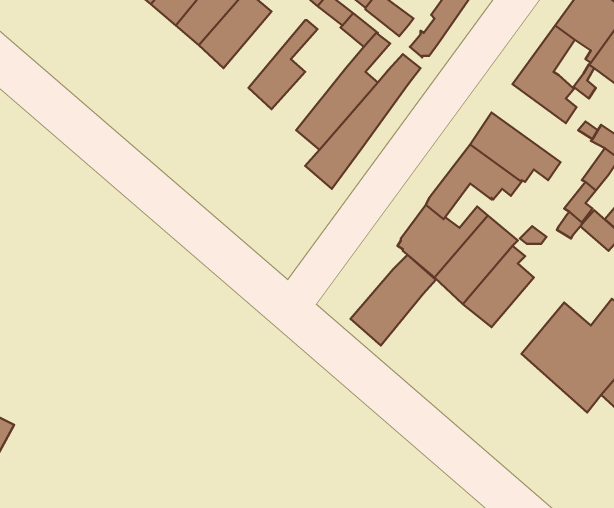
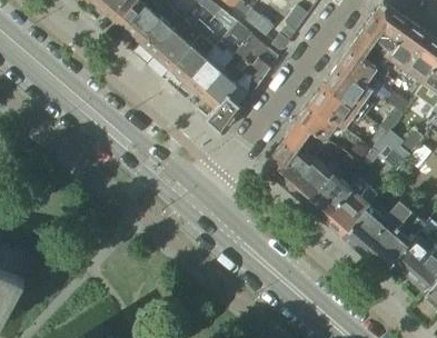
building: none -> [156,20,207,69]
building: none -> [186,51,232,96]
building: none -> [324,67,374,116]
building: [351,255,436,345] -> [324,179,377,236]

